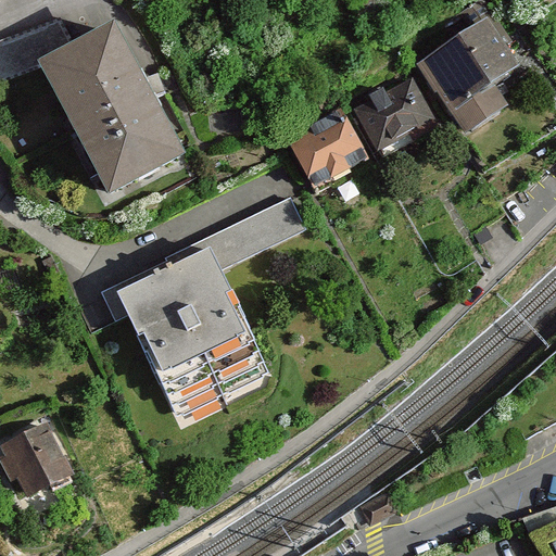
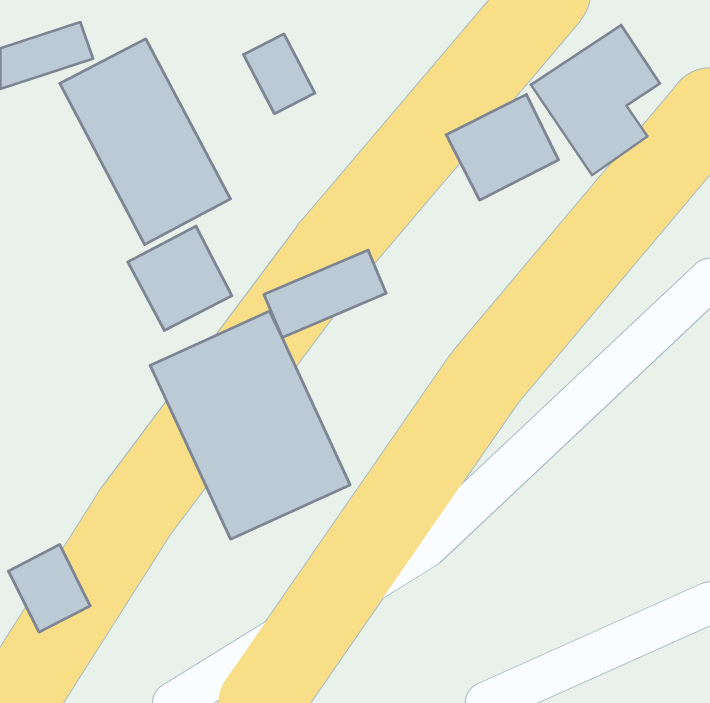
building: none -> [243,34,315,114]
building: [282,108,366,190] -> none
building: none -> [128,226,232,331]

